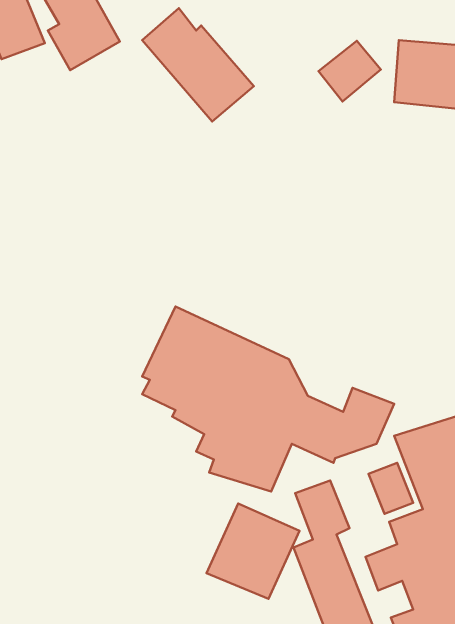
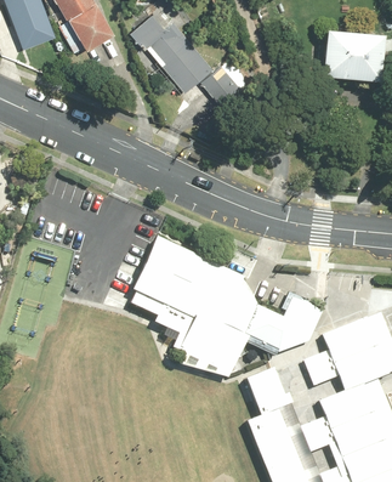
building: [319,41,381,101] -> [200,57,248,103]
building: [207,503,299,599] -> none

